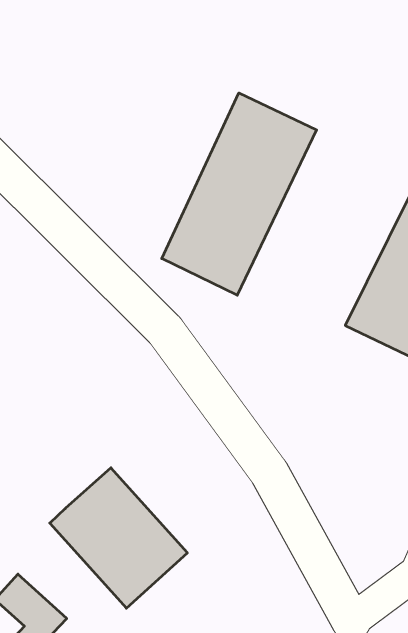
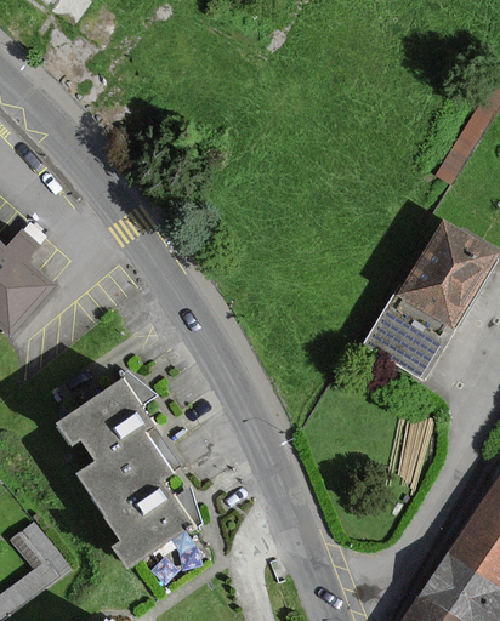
building: [162,93,317,295] -> none
building: none -> [59,377,152,463]

